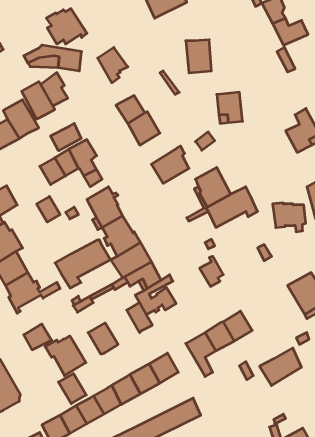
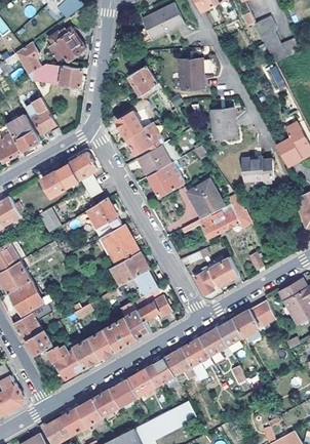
building: [98,47,128,83] -> [128,66,157,99]
building: [41,73,68,106] -> [14,42,40,74]
building: [51,123,81,151] -> none
building: none -> [138,145,172,177]
building: [273,203,306,232] -> [245,159,277,187]
building: [55,240,111,288] -> none
building: none -> [207,256,237,286]
building: none -> [13,312,41,341]
building: none -> [104,317,137,350]
building: none -> [163,349,191,376]
building: [260,348,301,386] -> [233,300,273,336]
building: [58,374,86,404] -> [73,338,100,367]

